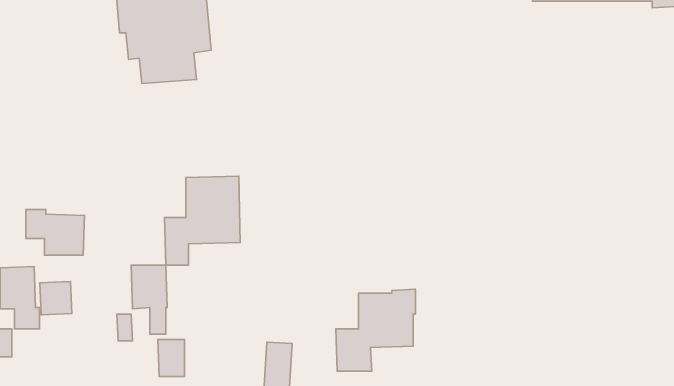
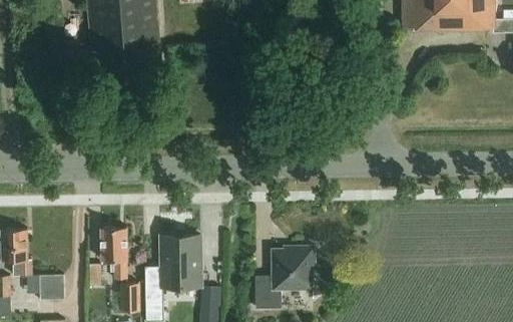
building: [165,176,240,265] -> [144,235,201,302]
building: [26,209,84,255] -> none
building: [40,282,72,315] -> [40,274,64,299]

